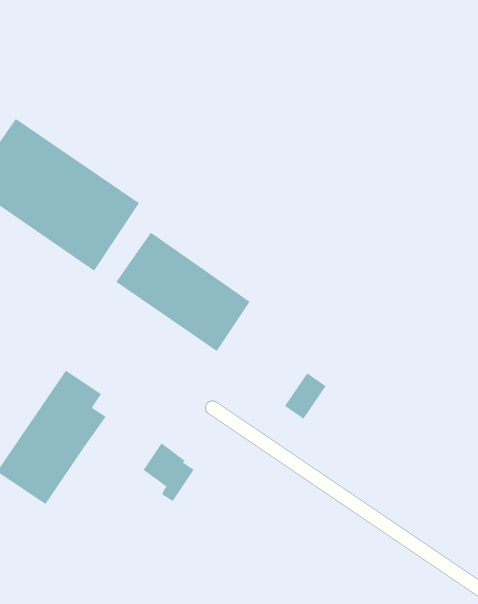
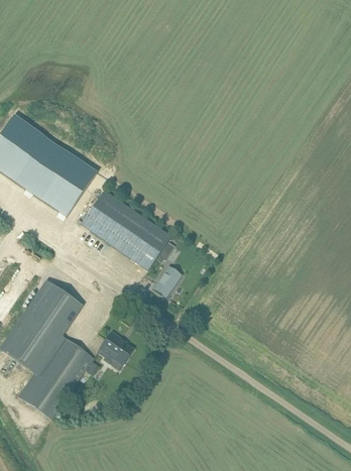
building: [284,372,326,419] -> [152,265,181,297]
building: none -> [18,334,93,418]

